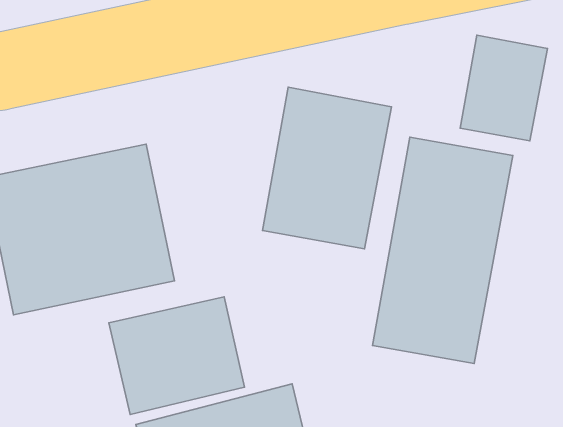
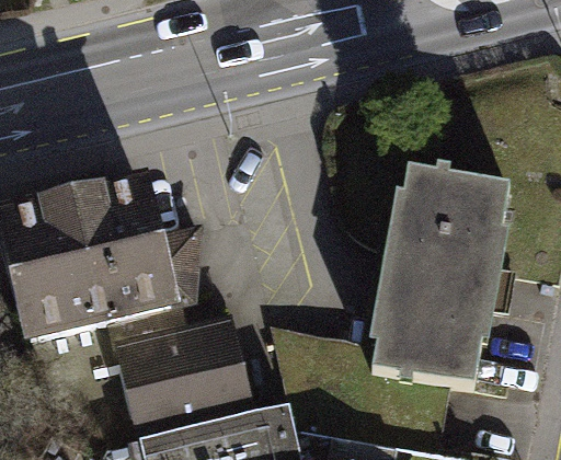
building: [460,35,548,141] -> none
building: [262,87,391,249] -> none

